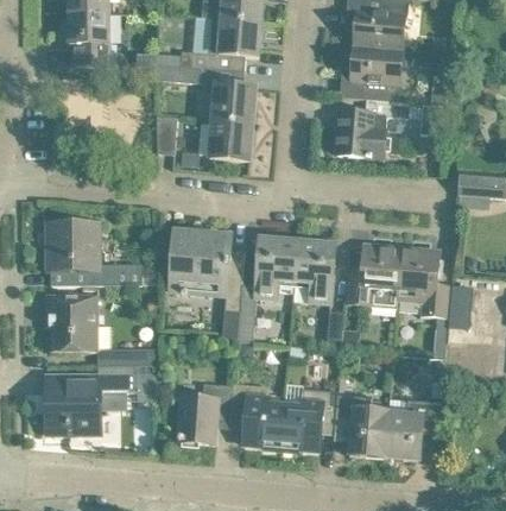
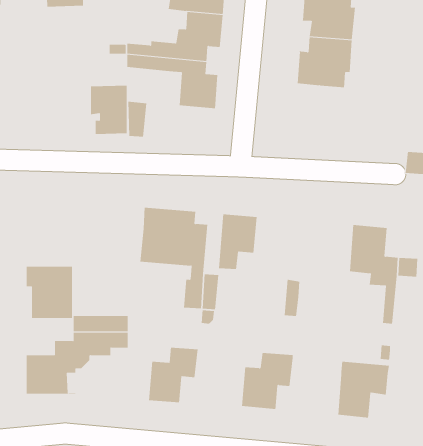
building: [68,12,108,65] -> [90,85,127,134]
building: [335,99,447,158] -> none
building: [208,120,252,160] -> none
building: [44,221,151,285] -> none
building: [292,241,335,303] -> none
building: [343,246,400,311] -> none
building: [229,383,283,447] -> none
building: [331,395,387,458] -> none

